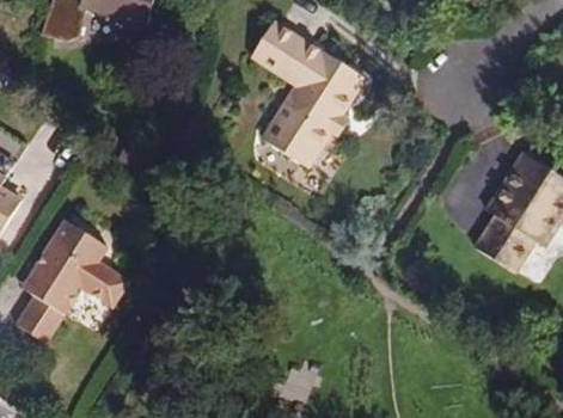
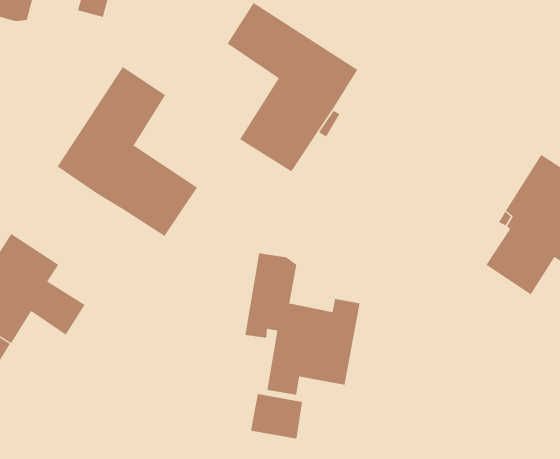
building: none -> [57,66,198,237]
building: none -> [245,252,360,396]

